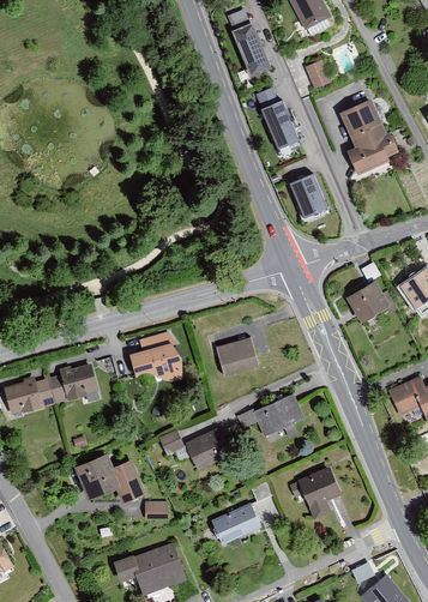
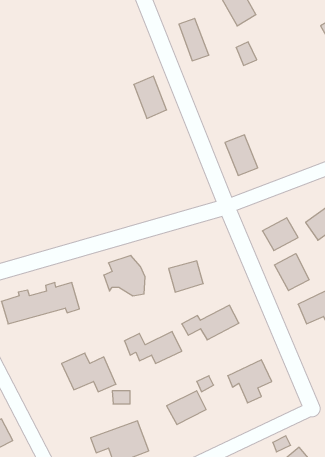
building: [336,97,393,174] -> none
building: [259,102,301,156] -> [134,76,167,118]
building: none -> [274,254,309,291]

